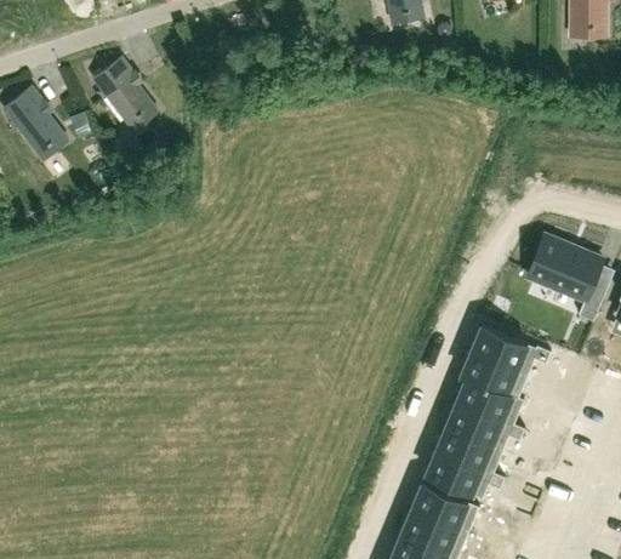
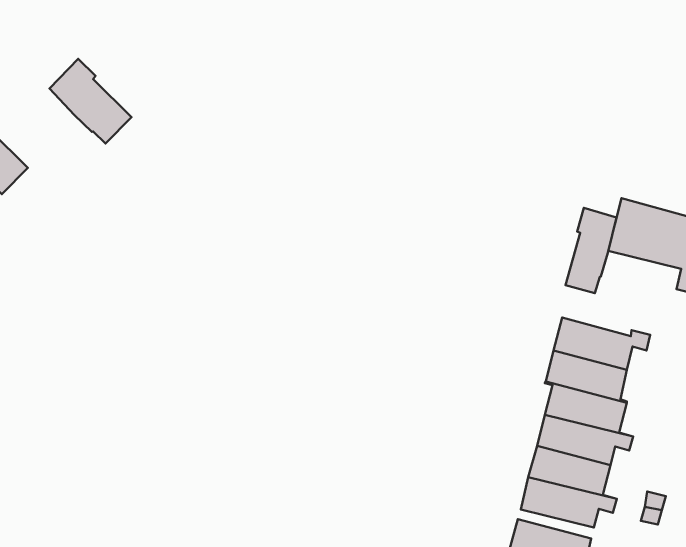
building: none -> [566,208,616,293]

